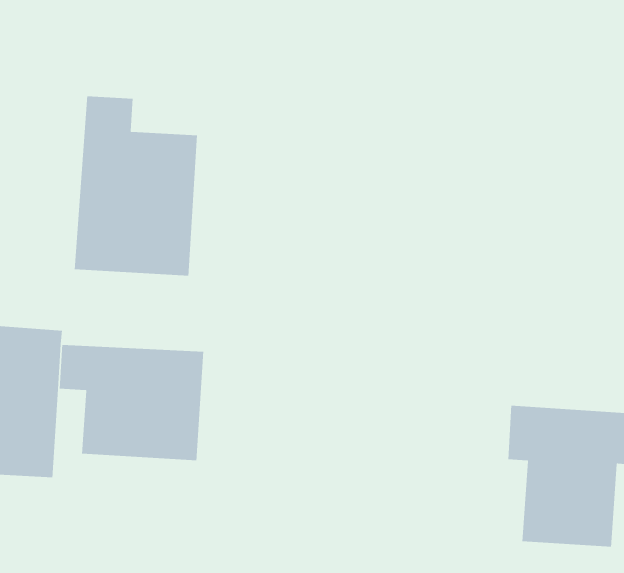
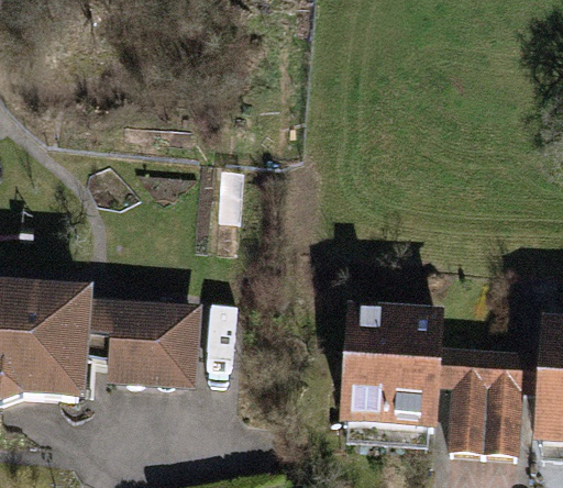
building: [74,95,198,277] -> none
building: none -> [339,307,440,430]

